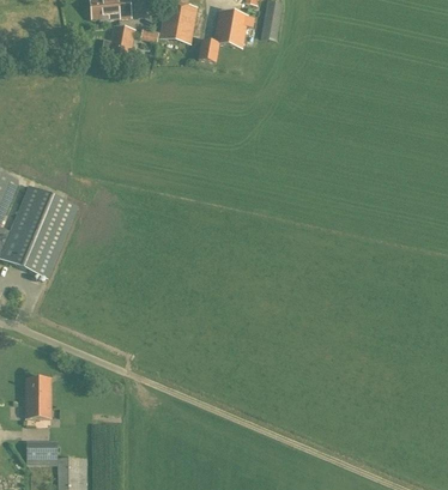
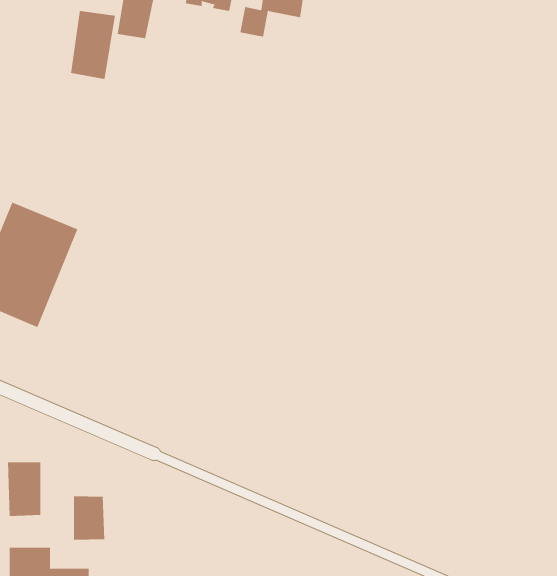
building: none -> [71,10,115,80]
building: none -> [74,496,105,540]

